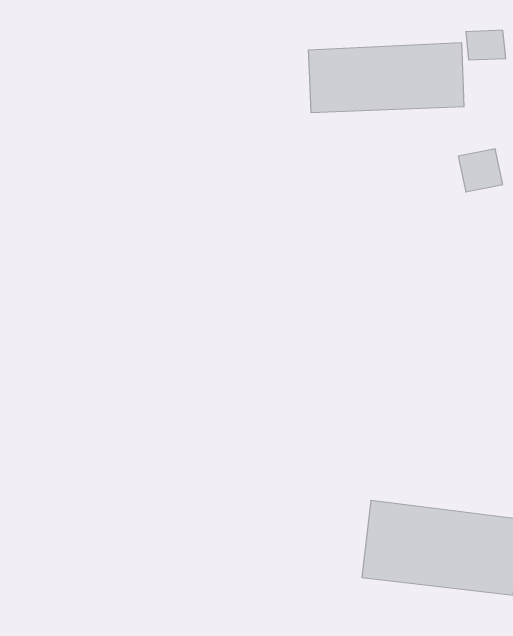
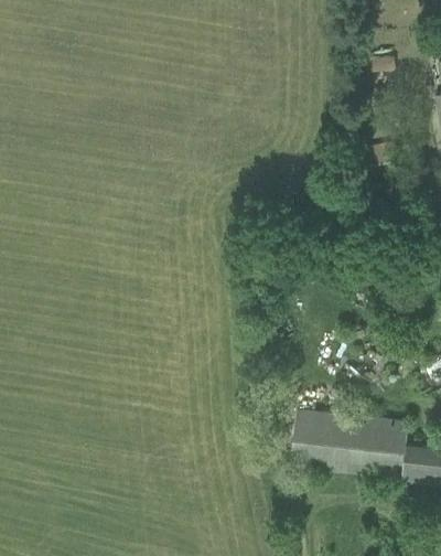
building: [309,43,464,113] -> none

